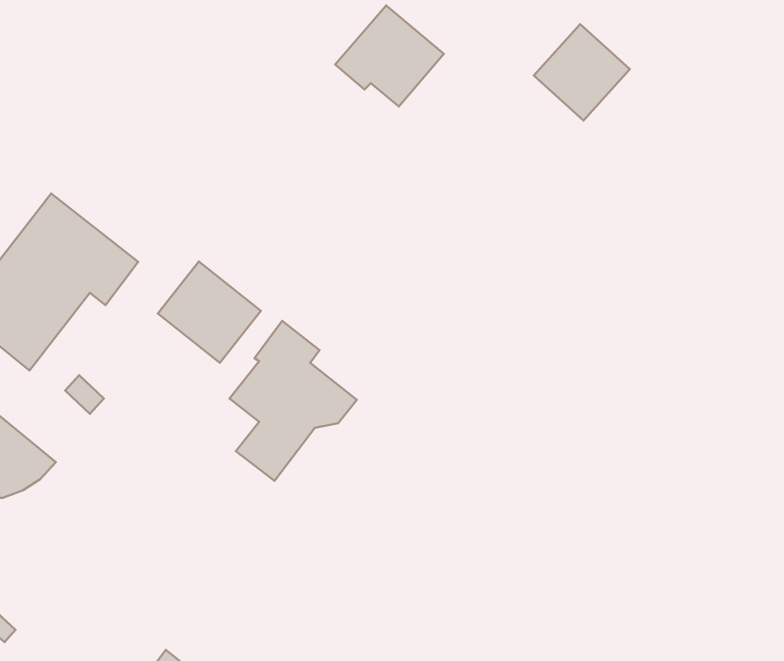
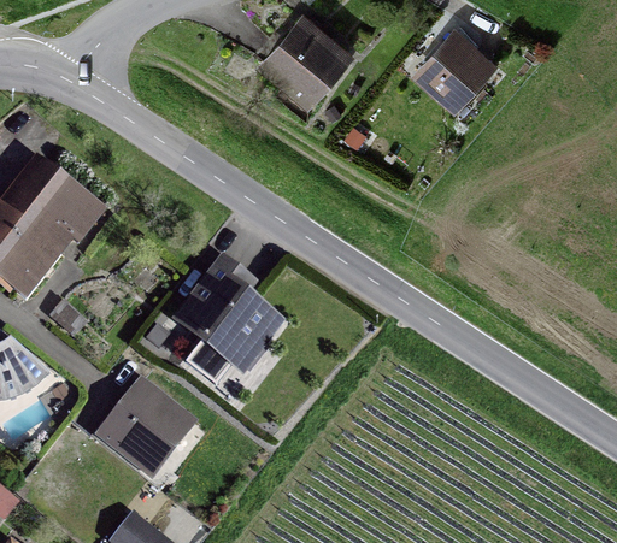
building: [158,262,261,363] -> none
building: none -> [100,380,193,468]

